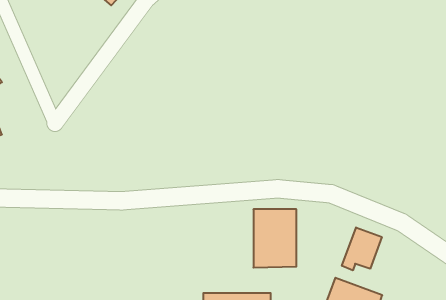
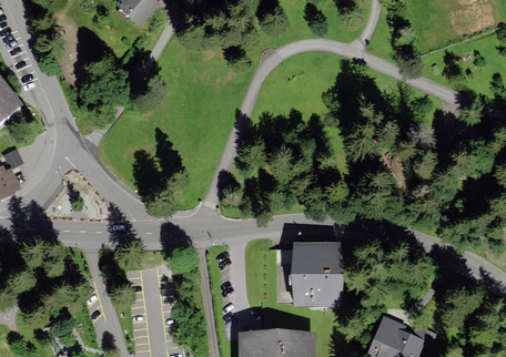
building: [342,227,382,270] -> none

